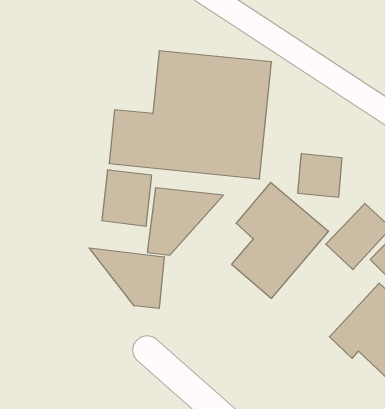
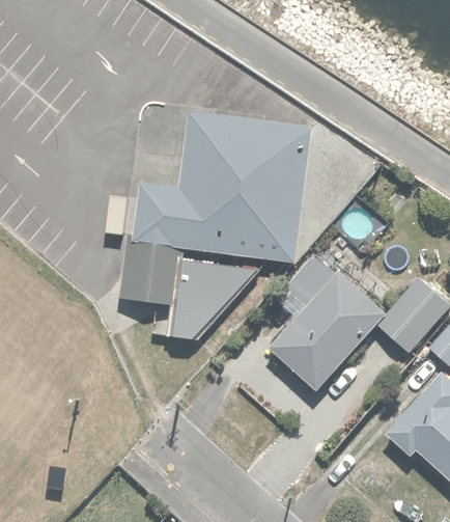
building: [298,153,342,197] -> none
building: [89,248,164,308] -> none

